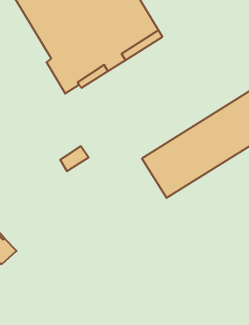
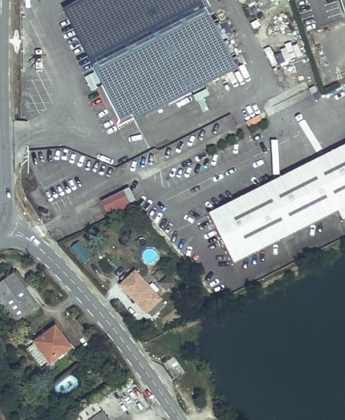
building: none -> [121,274,160,314]
building: none -> [35,330,70,366]

